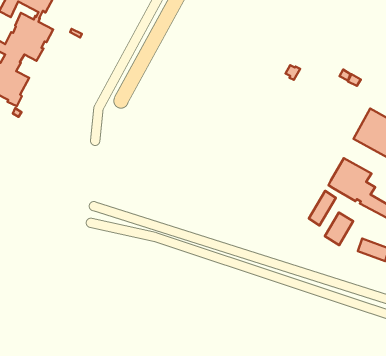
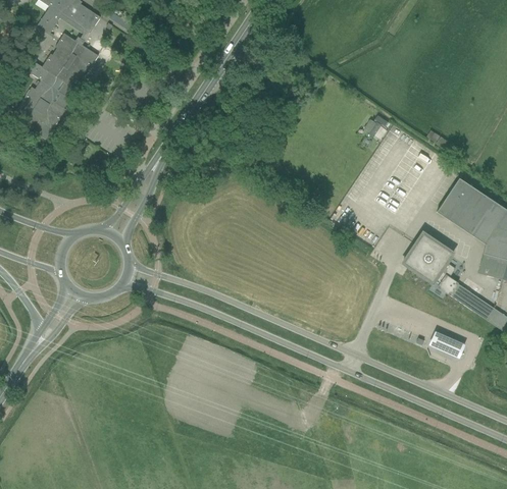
building: [309,191,336,225] -> none
building: [325,212,353,245] -> none

